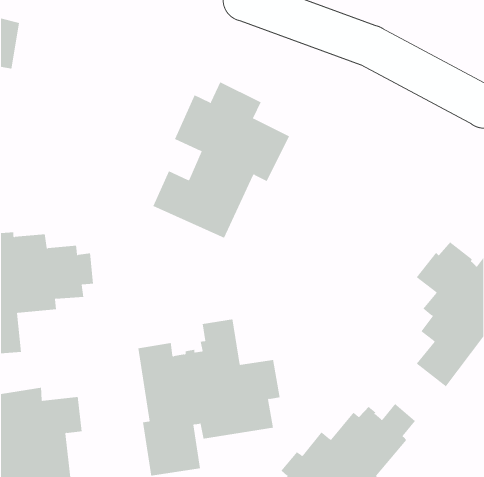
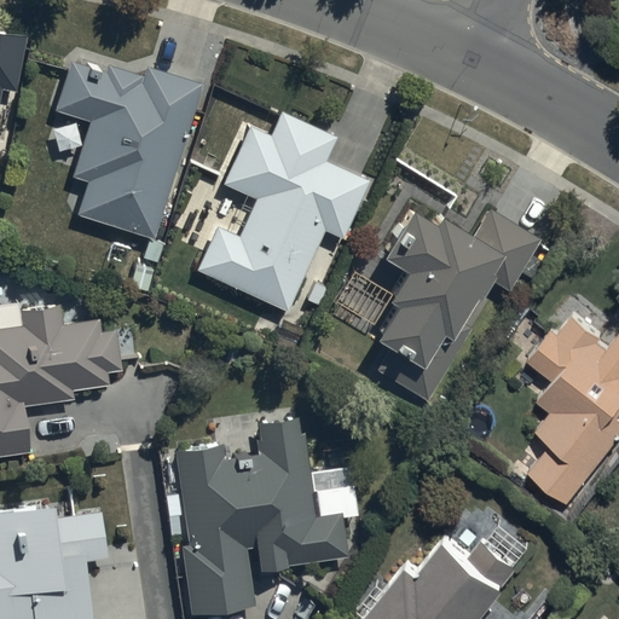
building: none -> [54,64,201,239]
building: none -> [361,206,538,400]

